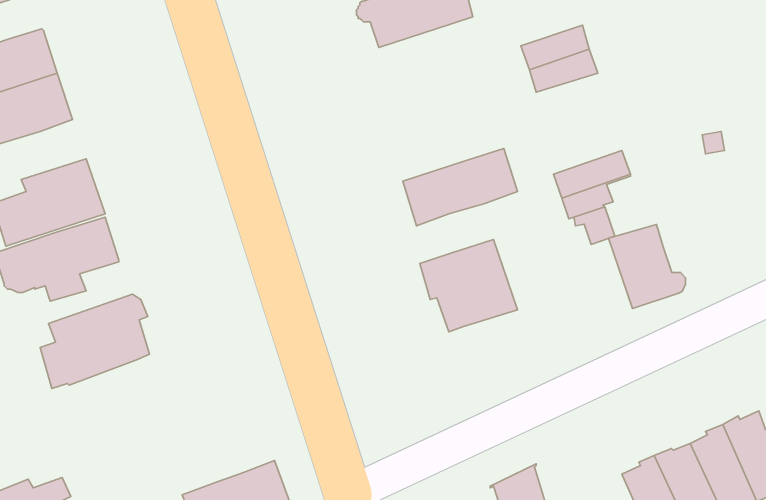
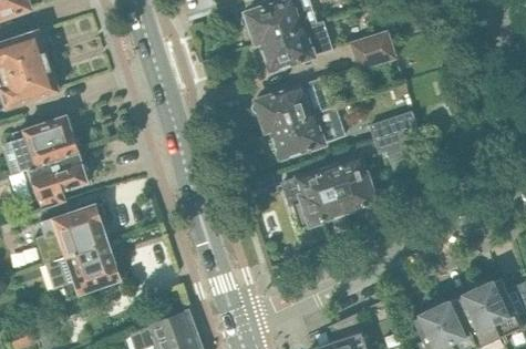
building: none -> [260,21,333,71]
building: none -> [251,80,337,130]
building: [609,225,686,309] -> [330,158,380,213]
building: none -> [44,242,125,298]

